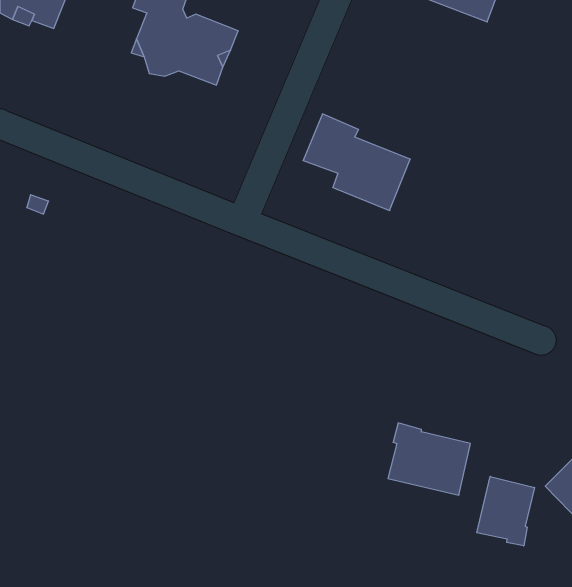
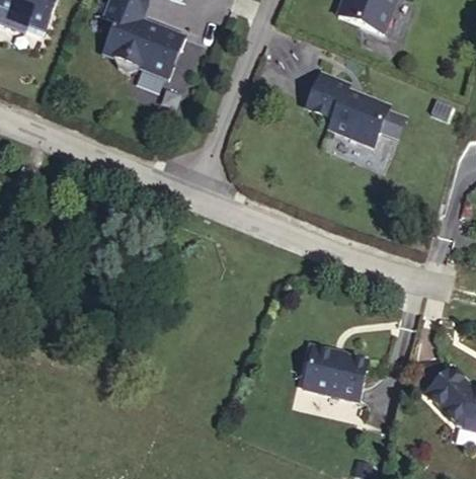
building: [303,114,410,211] -> [306,72,390,148]
building: [477,476,534,546] -> none

